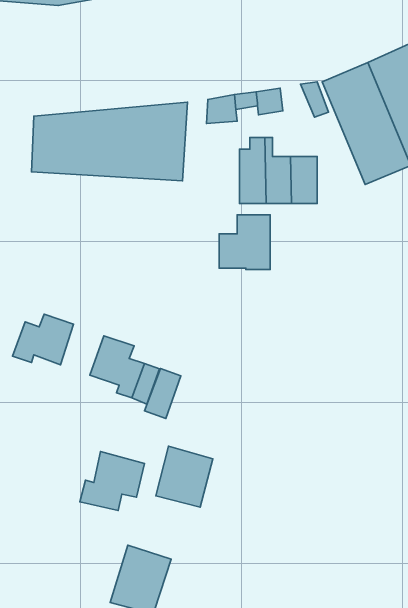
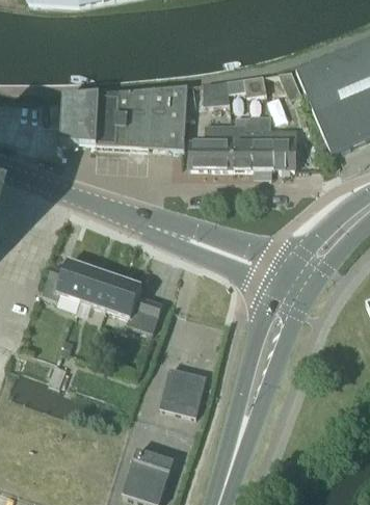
building: [219,215,270,269] -> [187,123,229,167]
building: none -> [82,266,117,308]
building: [144,369,181,418] -> none
building: [80,451,145,510] -> none

